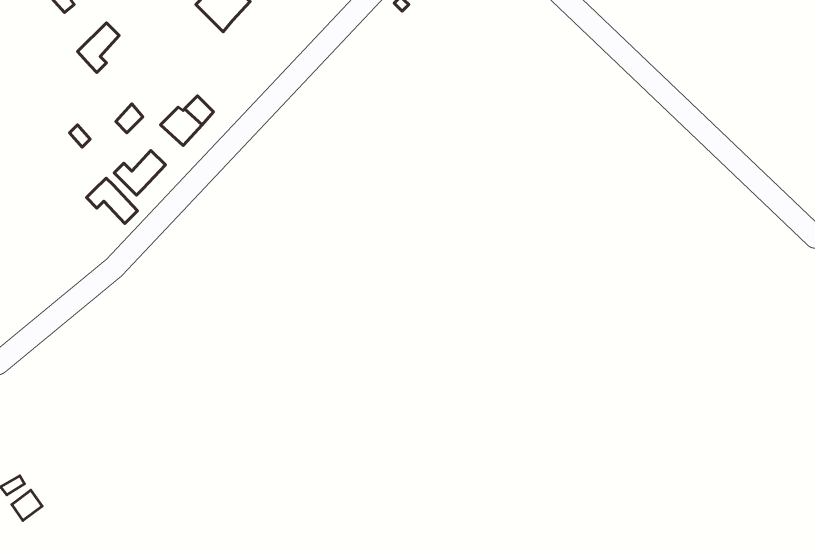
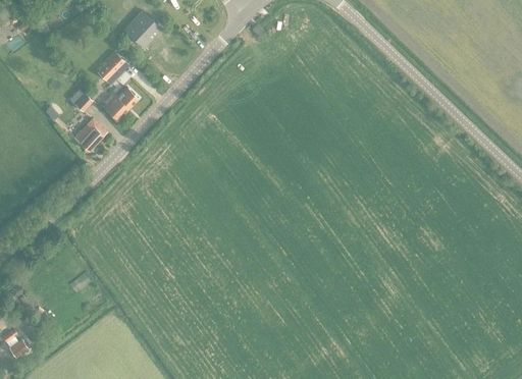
building: [78,23,119,72] -> [97,52,123,84]
building: [87,178,137,223] -> none

